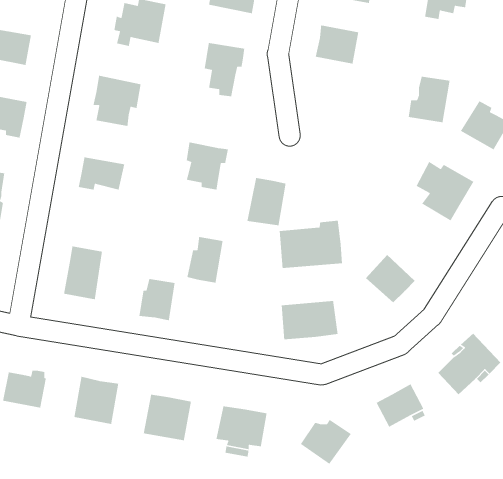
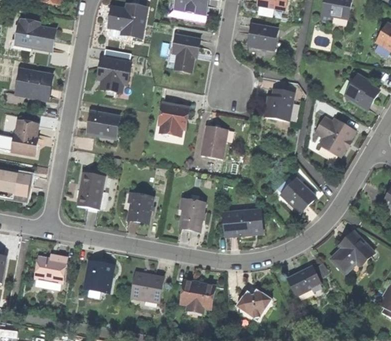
building: [408,76,451,123] -> [265,88,294,120]
building: [279,220,343,269] -> none
building: [186,236,224,284] -> [180,198,205,230]

